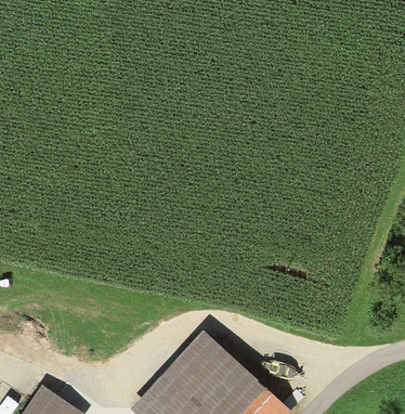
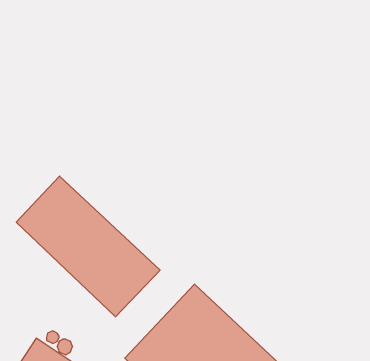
building: none -> [16,176,160,317]

